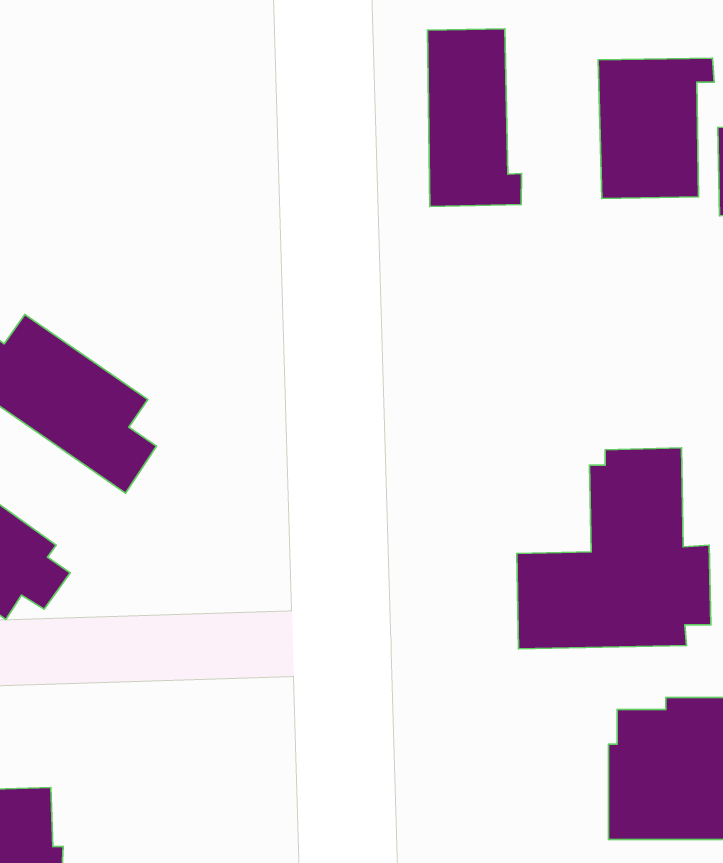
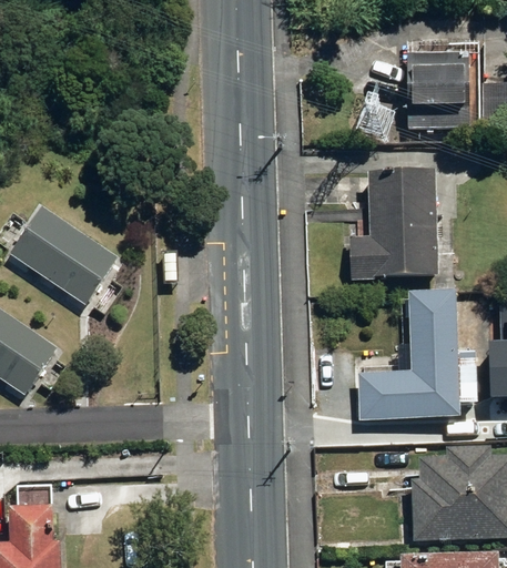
building: [427,29,522,207] -> none
building: none -> [349,169,439,276]

